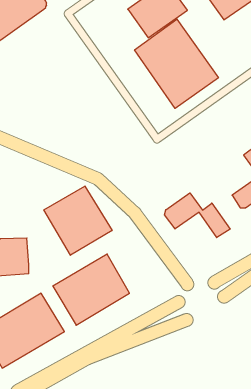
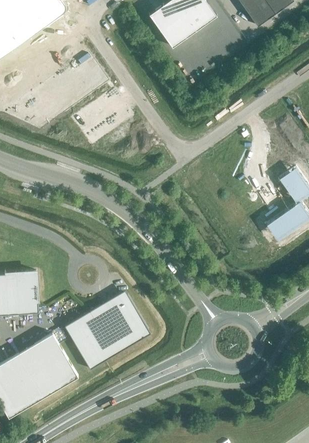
building: [135,19,218,108] -> none
building: [44,186,112,255] -> none
building: [165,193,230,238] -> none

